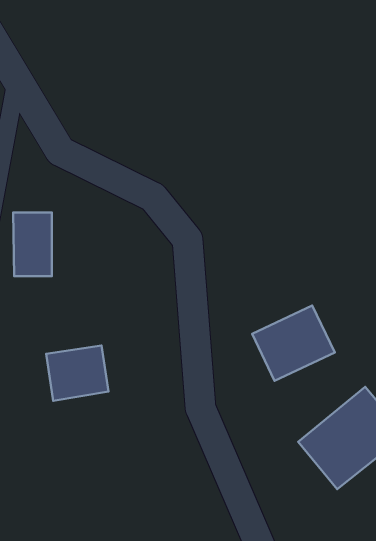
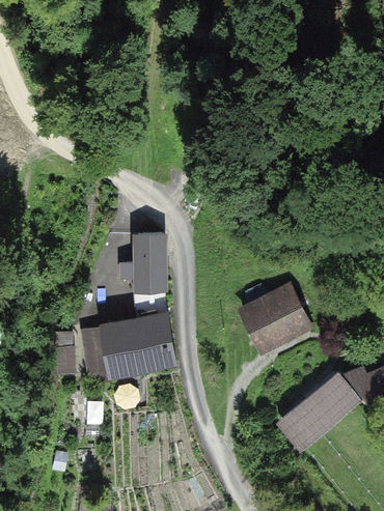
building: [13,212,52,276] -> [133,234,167,290]
building: none -> [109,313,175,376]

